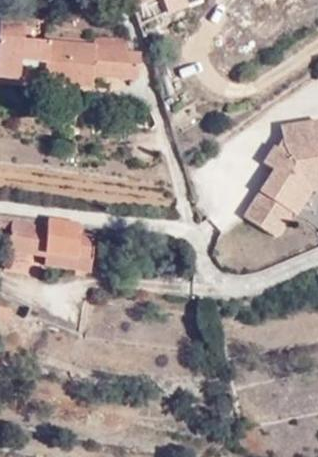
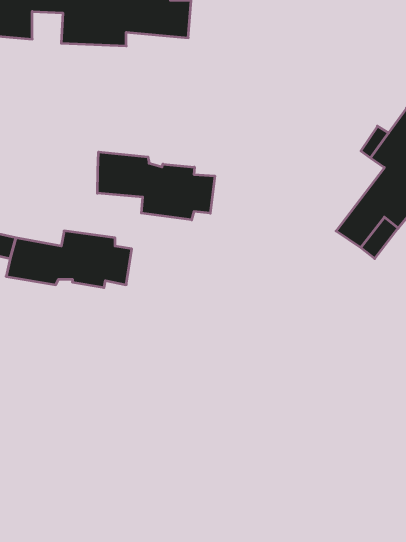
building: none -> [97,152,215,220]

